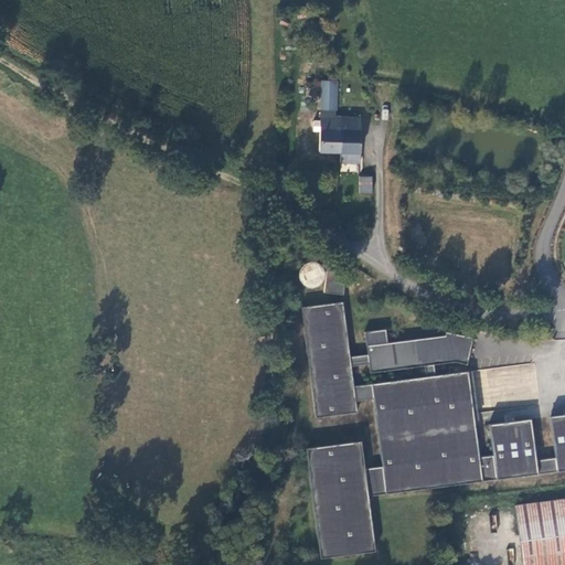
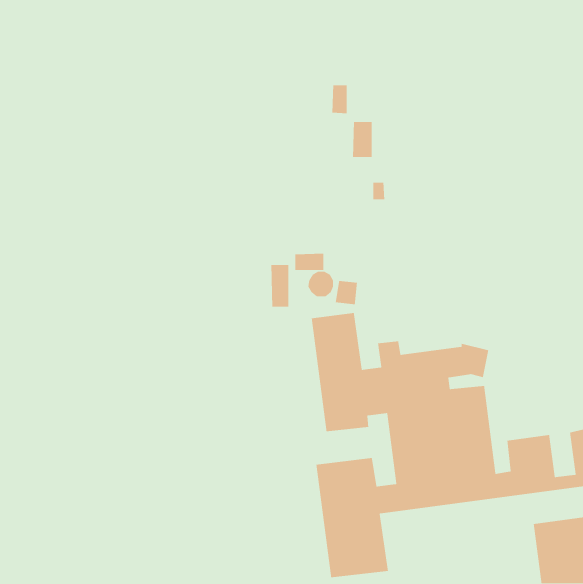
building: [320,109,342,152] -> none
building: none -> [295,253,324,271]
building: none -> [271,264,289,308]

